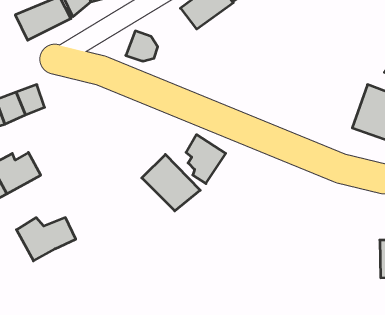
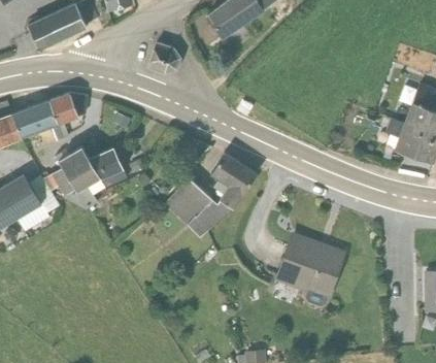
building: none -> [51,92,80,124]
building: none -> [273,229,347,300]
building: [16,218,76,261] -> [60,145,125,193]

